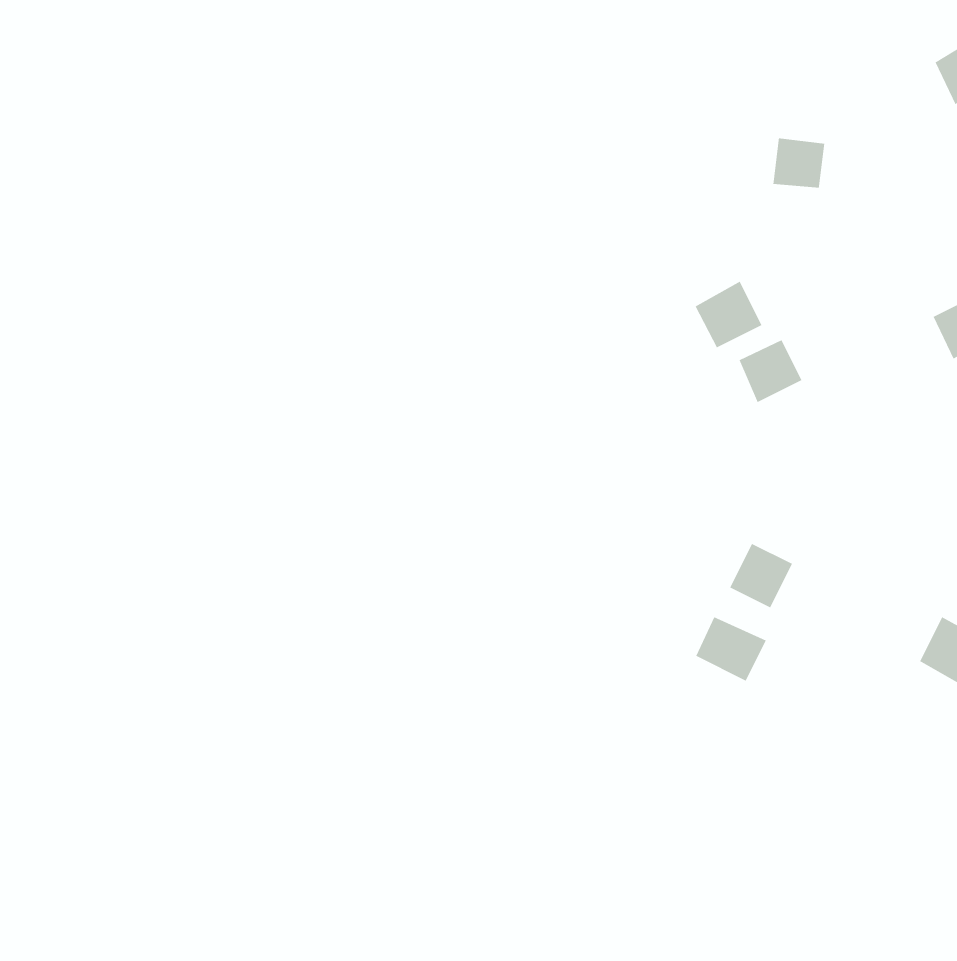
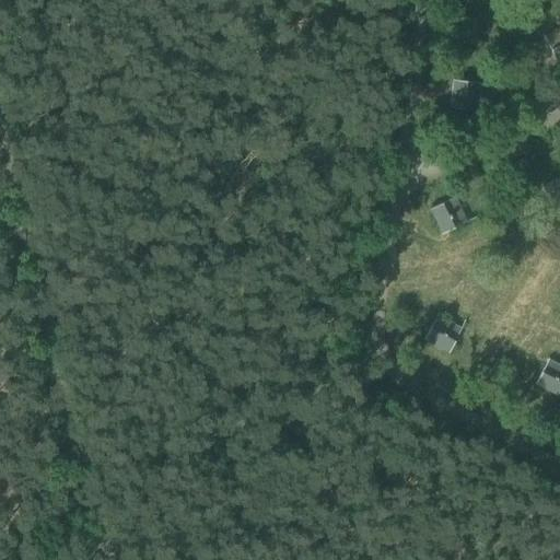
building: [694,280,763,348] -> none
building: [695,616,767,682] -> none

